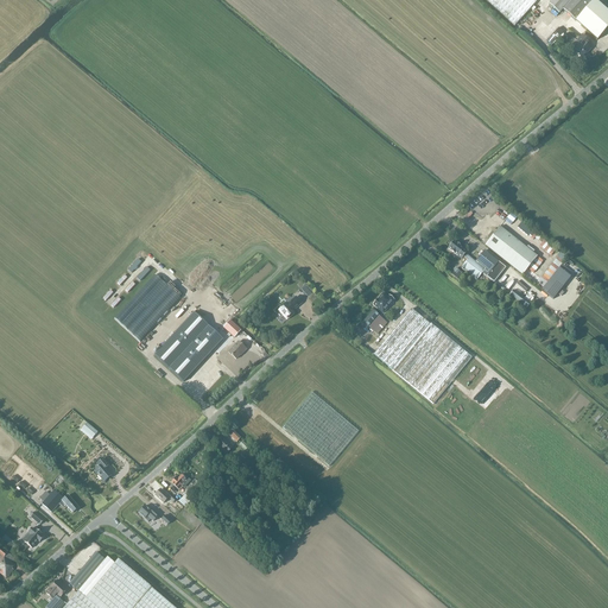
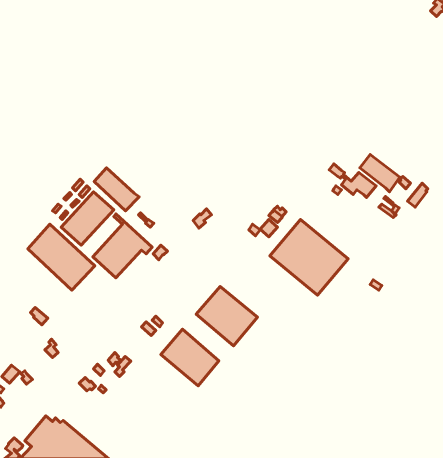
building: none -> [94,168,139,211]
building: none -> [28,224,95,290]
building: none -> [161,329,219,386]

